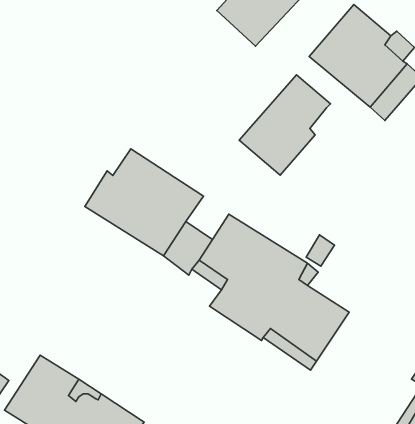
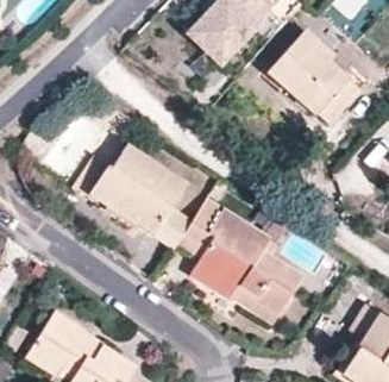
building: [239,75,331,175] -> none

